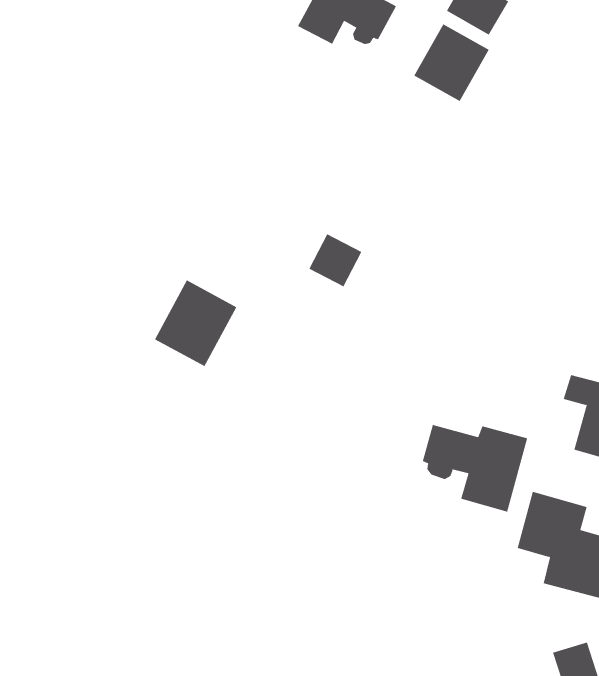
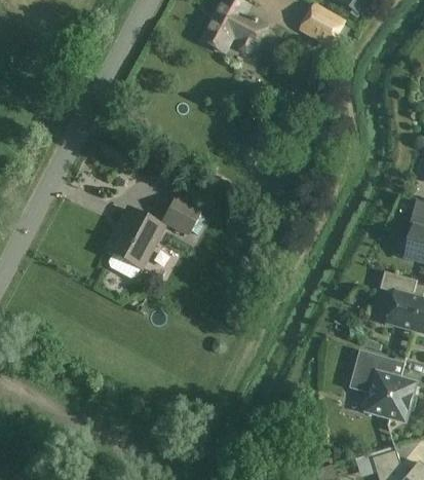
building: [413,23,490,102] -> none
building: [308,233,362,287] -> [162,196,198,232]
building: [422,424,528,513] -> none

